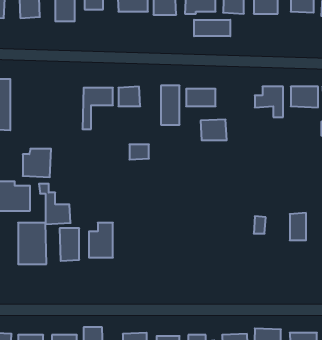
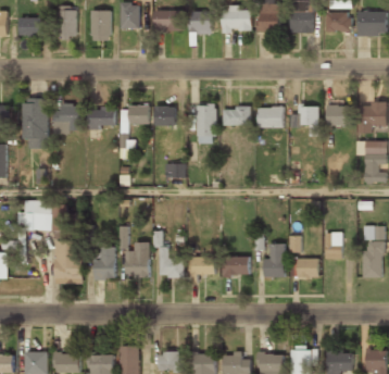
building: [194,20,230,36] -> none
building: none -> [87,107,115,127]
building: [201,120,227,140] -> [258,107,284,127]
building: [23,149,51,177] -> [53,104,81,133]
building: [39,184,71,224] -> [152,237,184,277]
building: none -> [263,244,285,277]
building: none -> [191,257,215,274]
building: none -> [224,257,249,275]
building: none -> [292,258,318,277]

